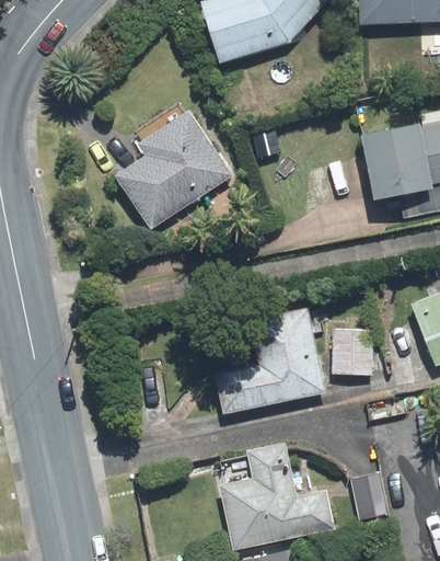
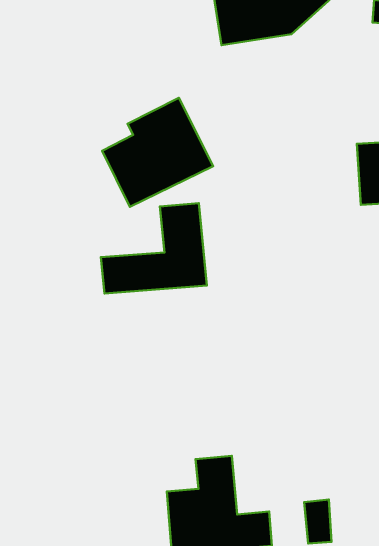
building: [219,311,322,408] -> [101,203,207,294]
building: [335,331,373,376] -> none

